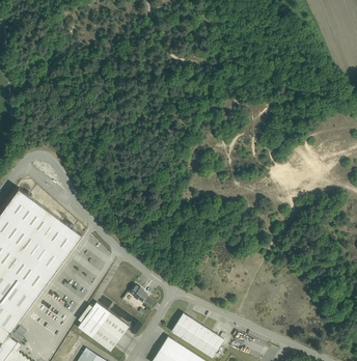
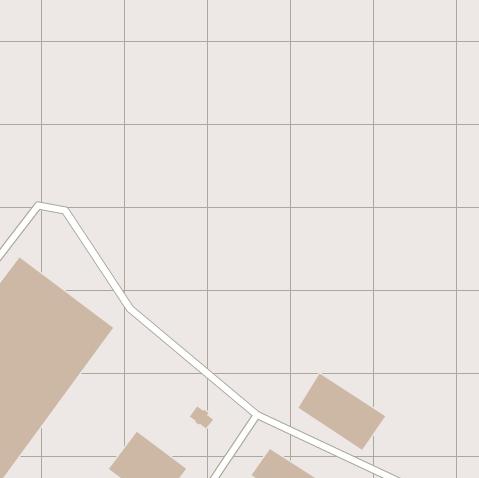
building: none -> [298,372,386,451]

